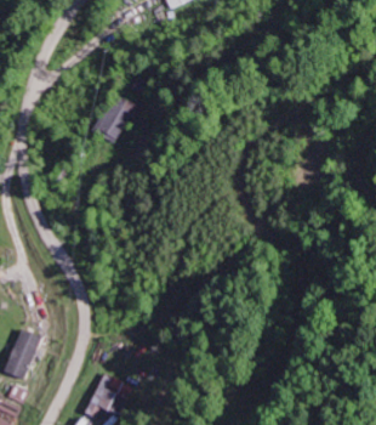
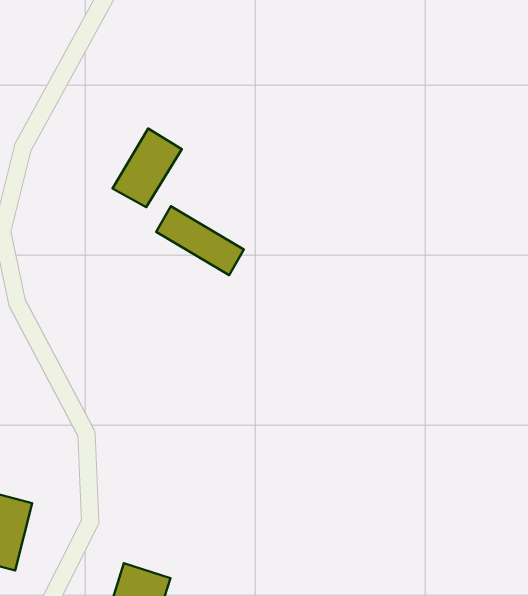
building: none -> [156,206,244,275]

